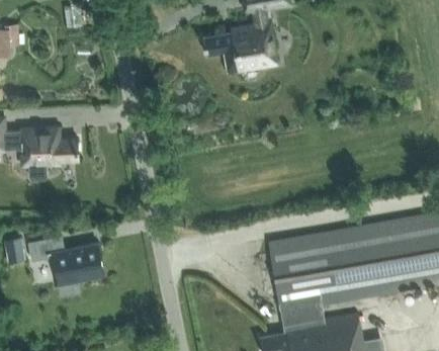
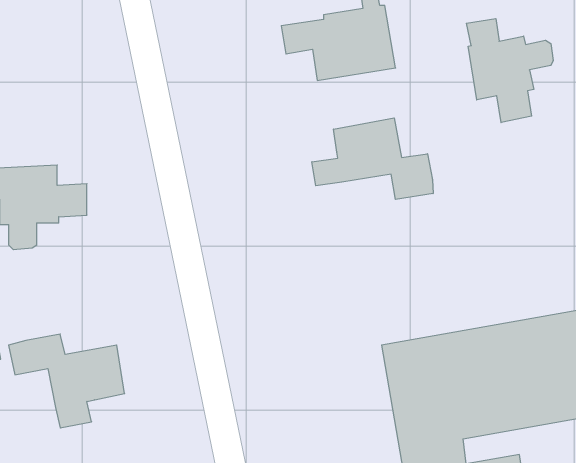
building: none -> [466,19,553,123]
building: none -> [312,118,433,199]

